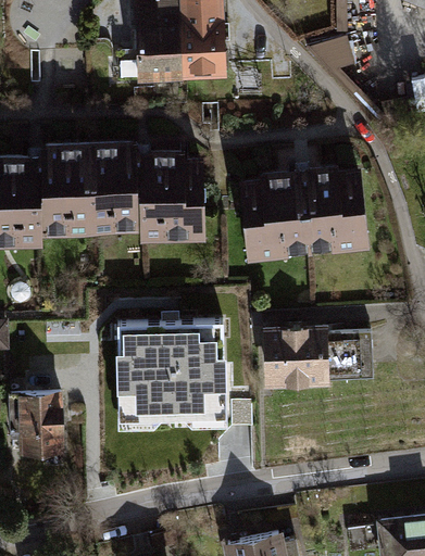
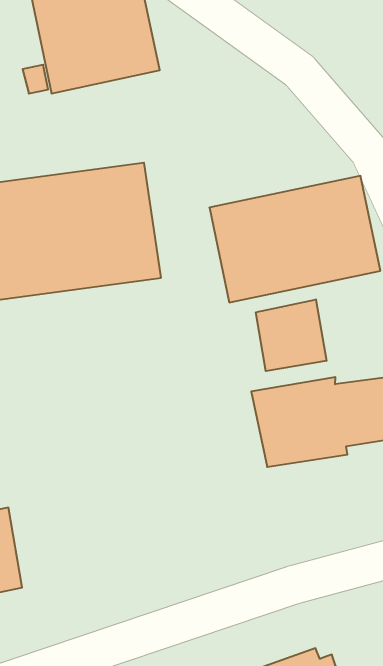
building: none -> [256,299,326,371]
building: [116,329,220,427] -> none

